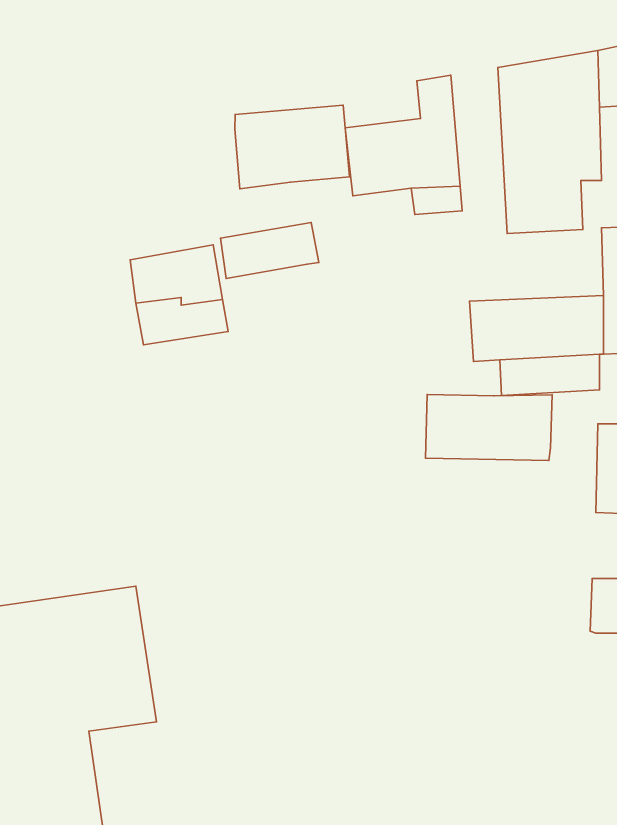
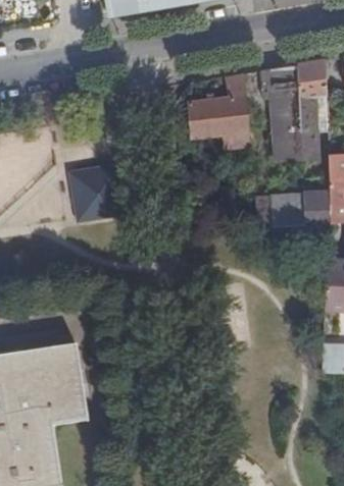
building: [235,105,349,189] -> none
building: [220,222,319,278] -> none
building: [426,394,552,461] -> none

